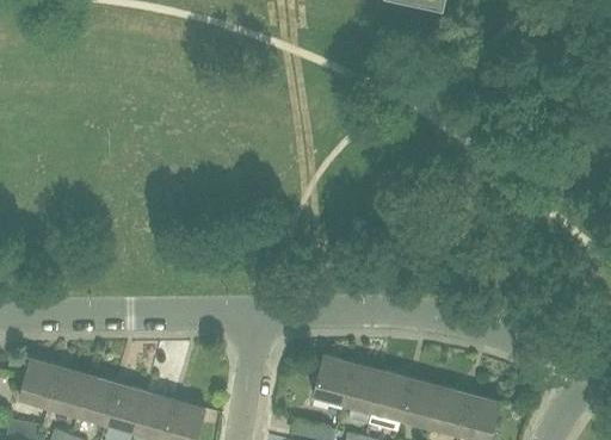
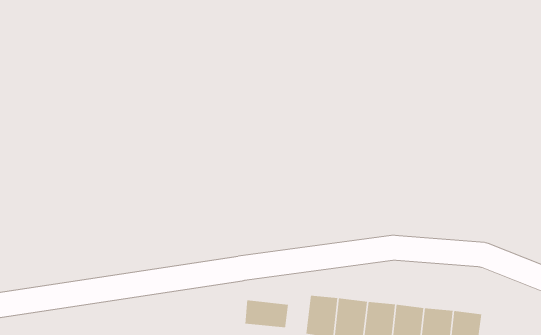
building: none -> [245,300,289,328]

